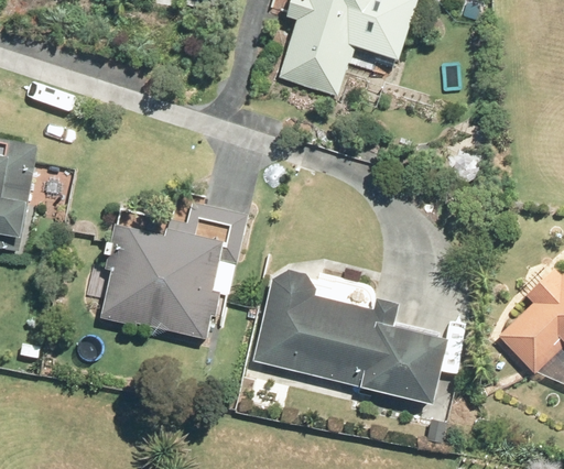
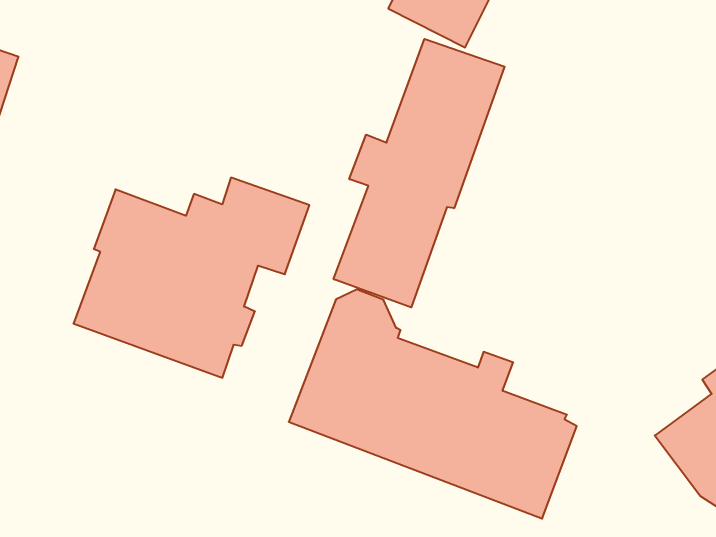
building: none -> [334,39,505,307]

